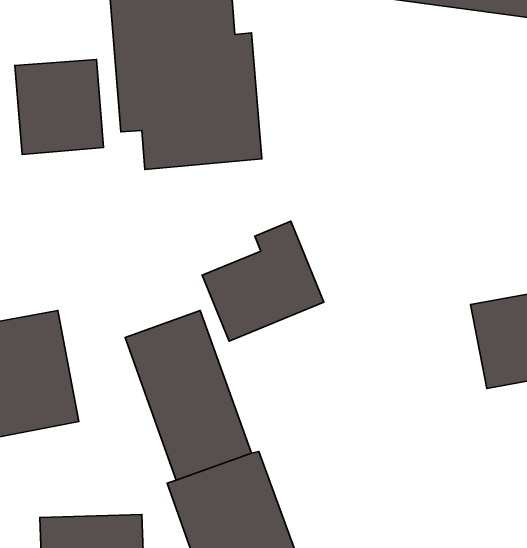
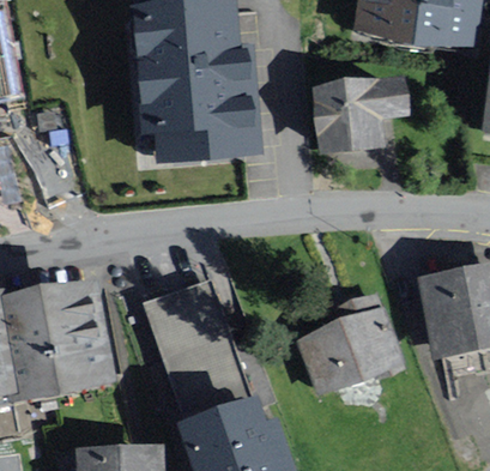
building: [15,60,104,155] -> none
building: none -> [316,89,404,156]
building: [202,221,324,341] -> [302,291,399,387]

